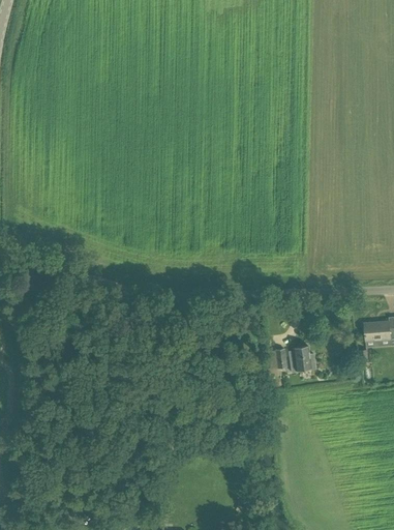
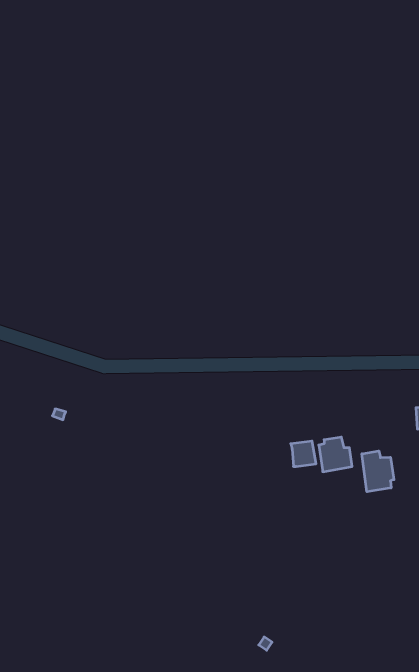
building: none -> [362,451,394,492]

